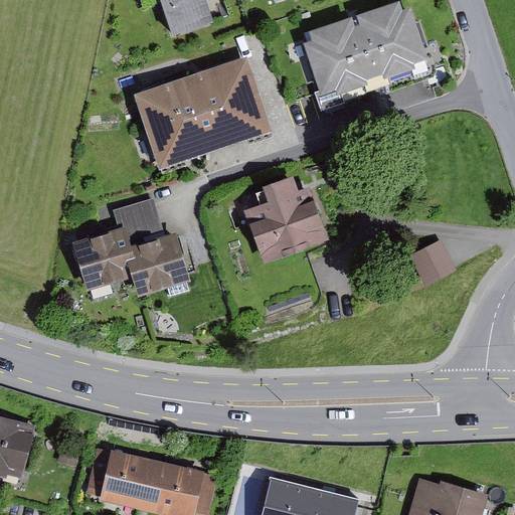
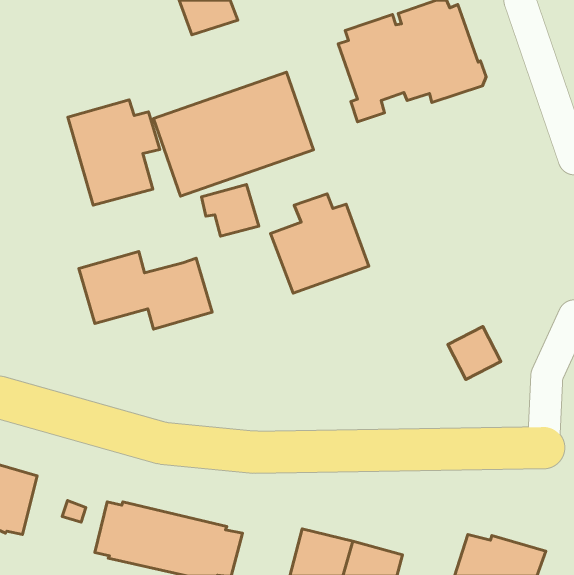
building: none -> [68,100,160,205]
building: [112,198,163,244] -> [201,184,259,236]
building: [407,239,455,287] -> [448,327,501,380]

